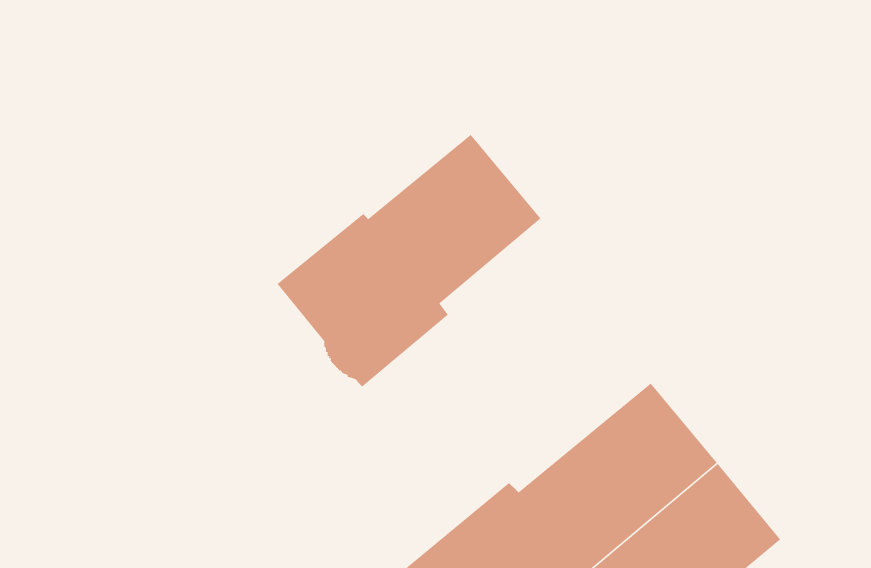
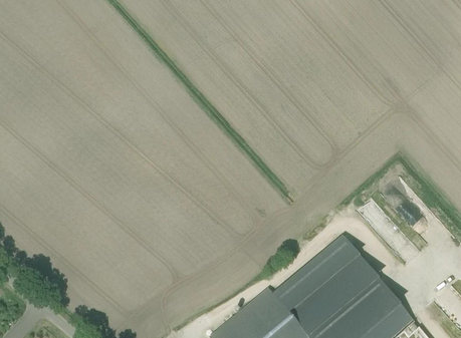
building: [277,134,541,388] -> none

